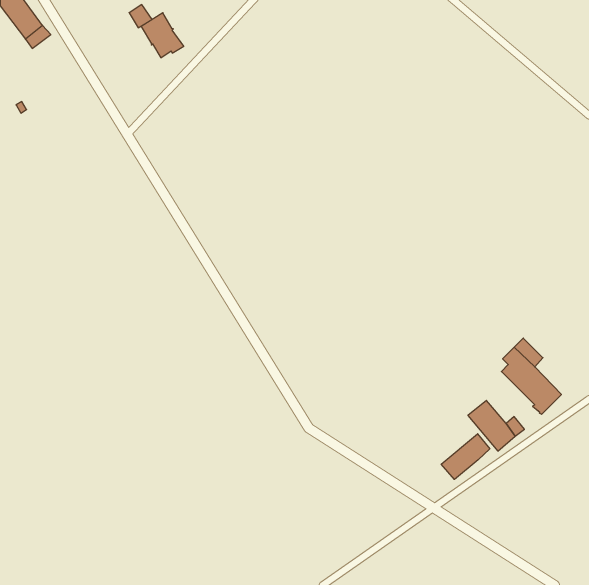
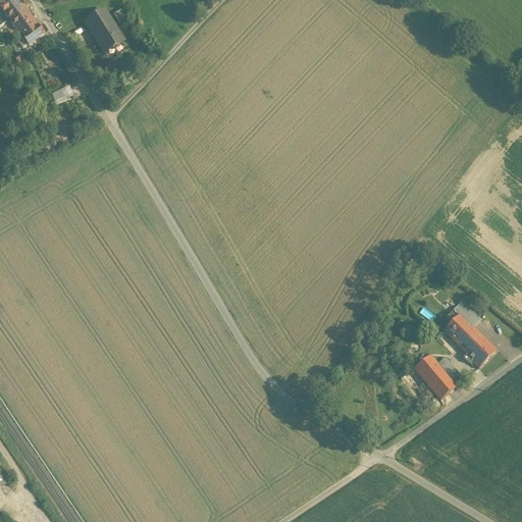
building: [141,13,184,58] -> [86,8,123,48]
building: [441,434,490,479] -> none

